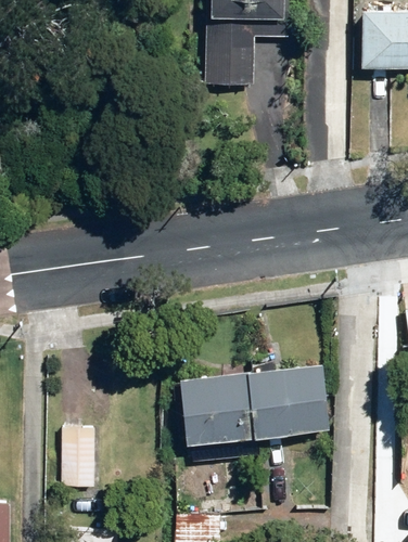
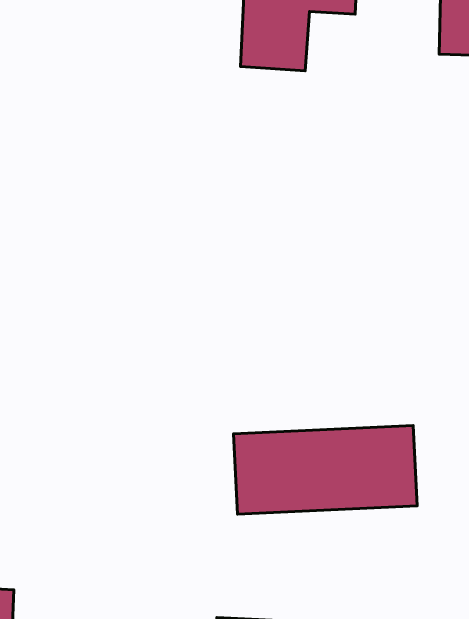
building: [63,427,99,488] -> none

